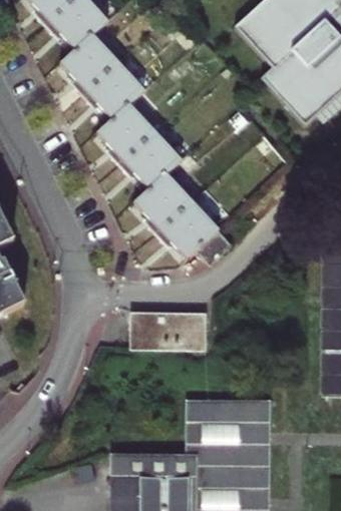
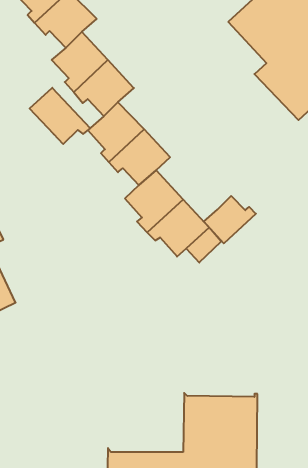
building: none -> [30,88,90,144]
building: none -> [204,196,256,243]
building: [135,313,204,348] -> none

